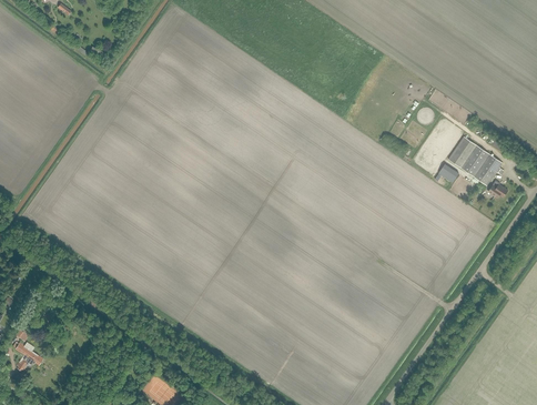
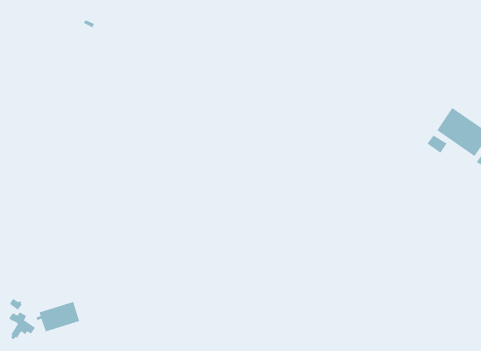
building: none -> [36,301,80,332]

